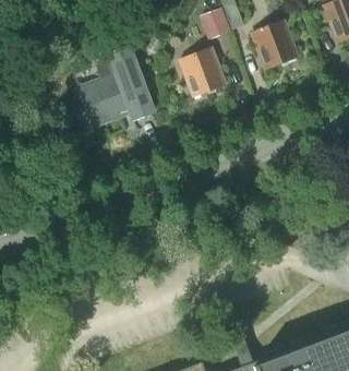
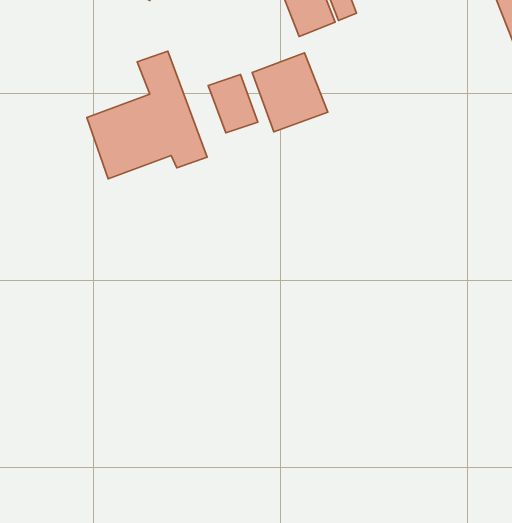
building: [253,21,299,69] -> none
building: none -> [208,75,258,133]

